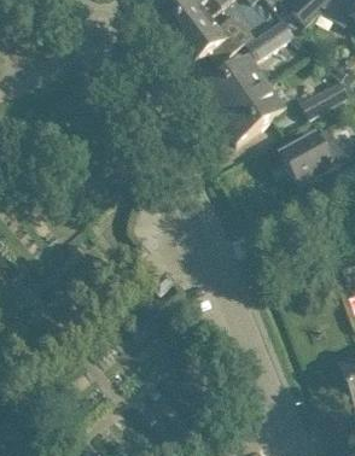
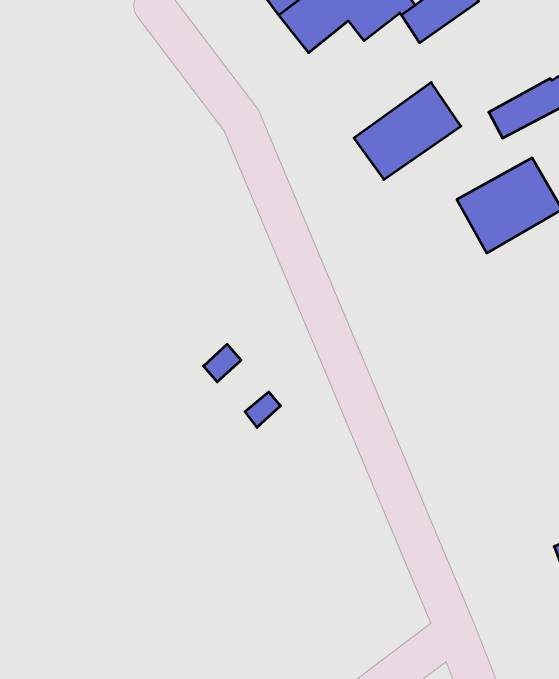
building: [200,58,264,117] -> none

